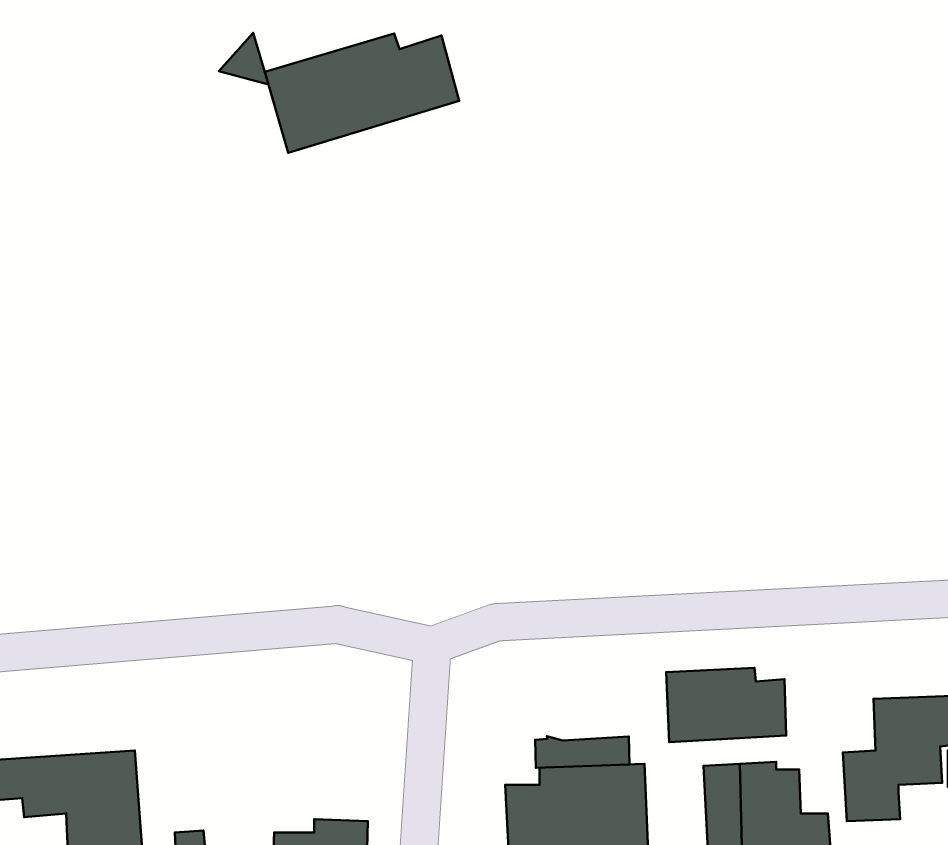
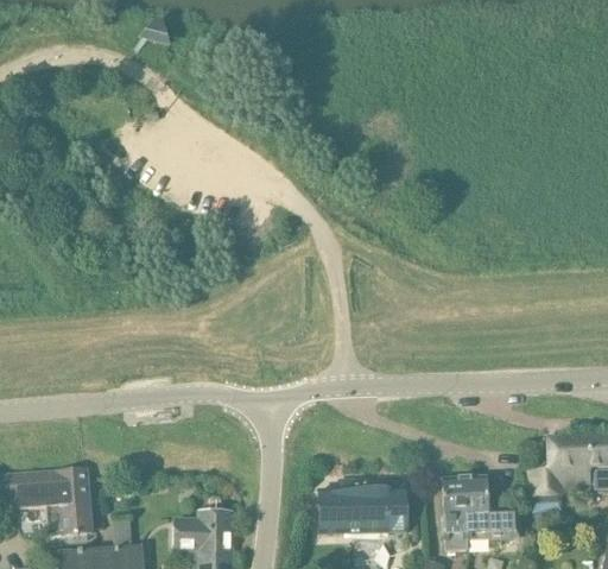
building: [265,33,459,153] -> none
building: [666,668,786,742] -> none
building: [535,736,630,768] -> none

